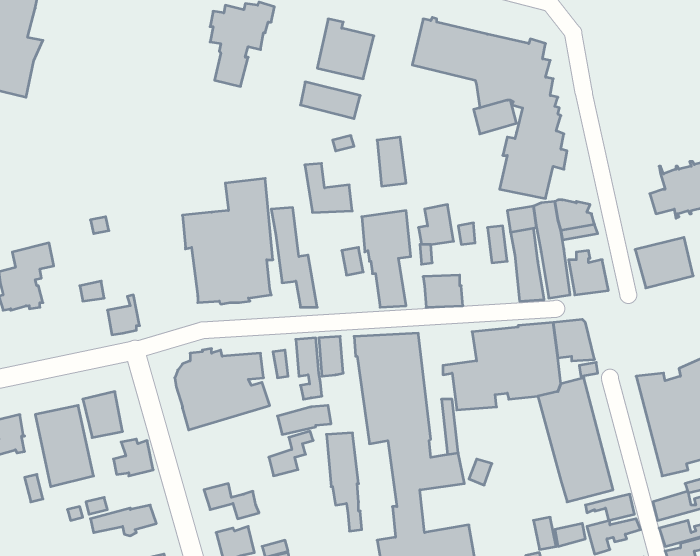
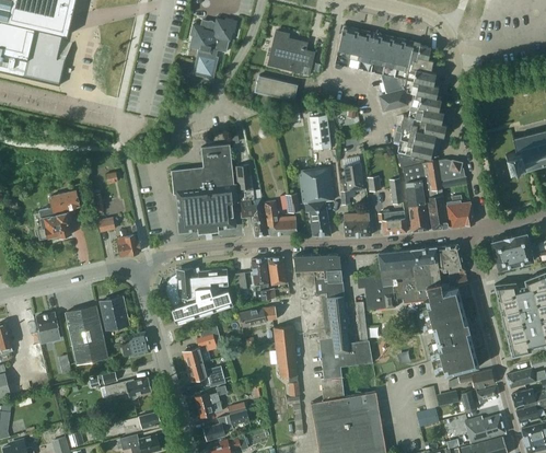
building: [305,163,352,212] -> [264,200,298,235]
building: [635,237,693,288] -> [491,232,533,268]
building: none -> [377,208,406,234]
building: [269,431,313,476] -> [183,334,214,365]

